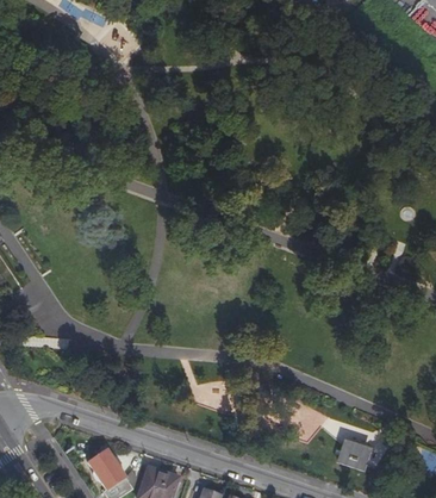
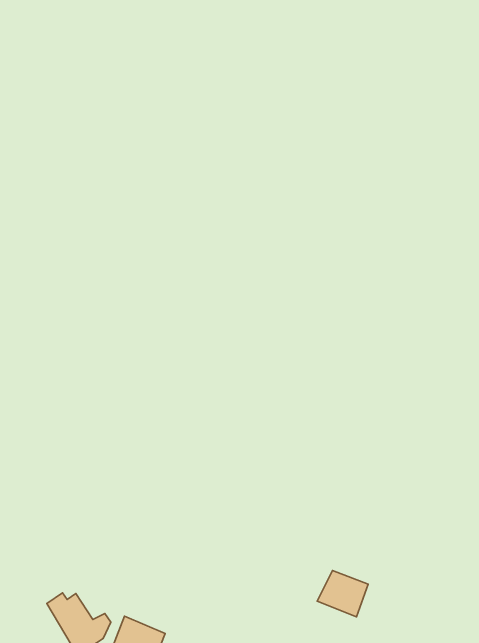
building: [337,436,373,468] -> [317,570,368,617]

